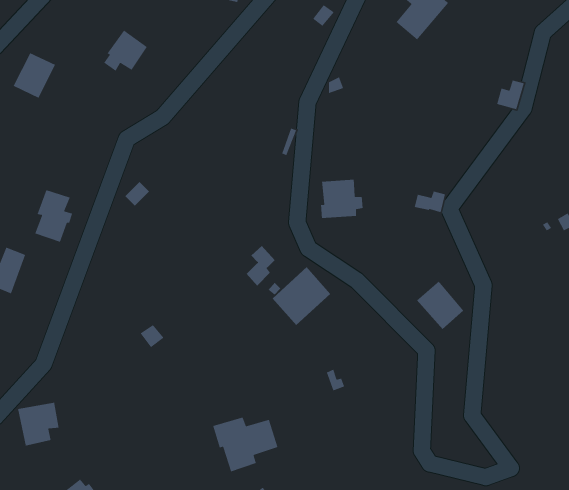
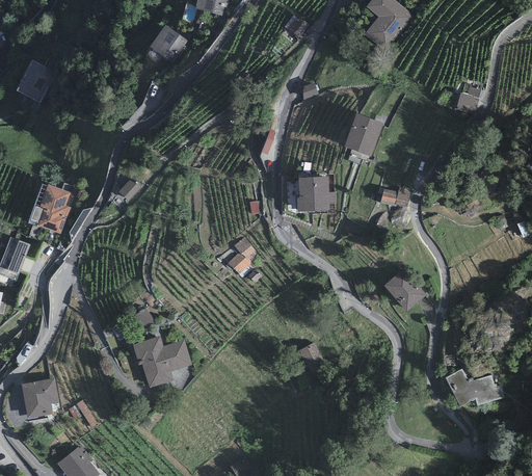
building: [103,30,148,72] -> [145,24,186,62]
building: none -> [343,112,382,156]
building: [272,266,331,326] -> none
building: none -> [444,368,503,406]
building: [212,416,279,472] -> [131,336,191,387]

